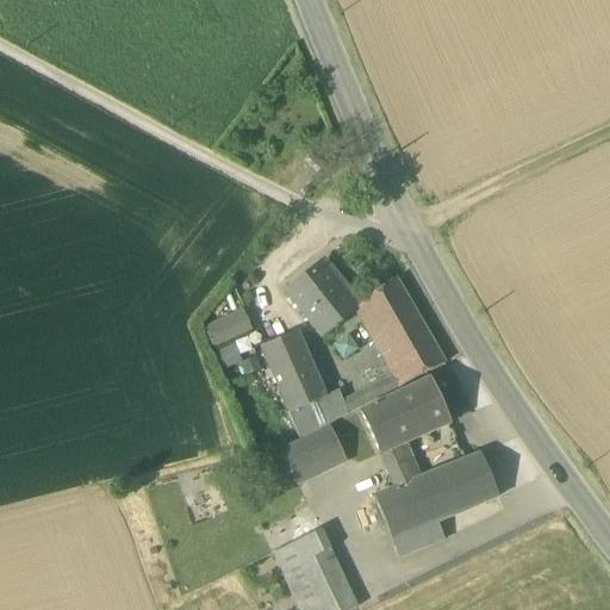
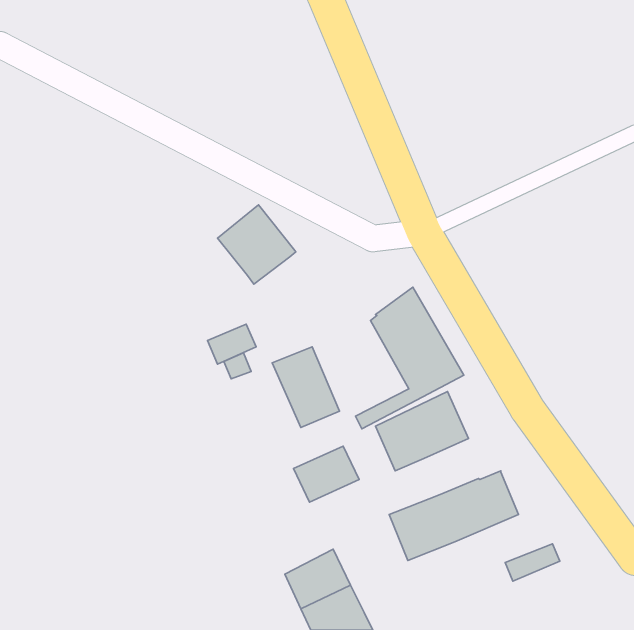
building: [287,257,362,334] -> [218,205,296,284]
building: [290,390,348,435] -> none
building: [379,440,423,486] -> none
building: [392,519,444,555] -> [505,544,560,581]

